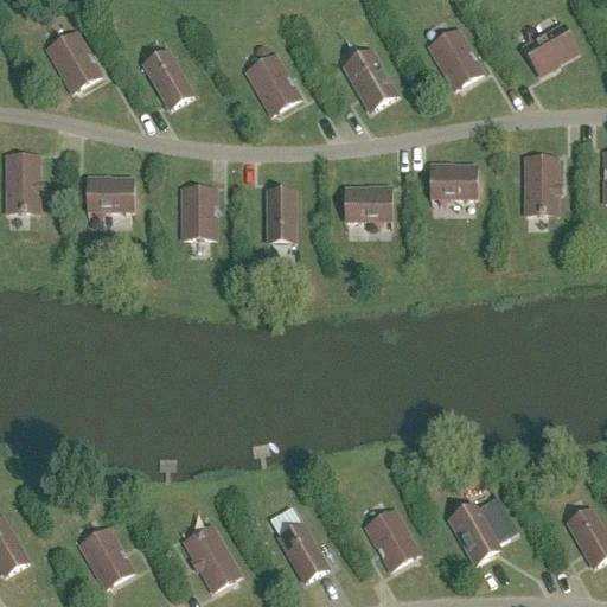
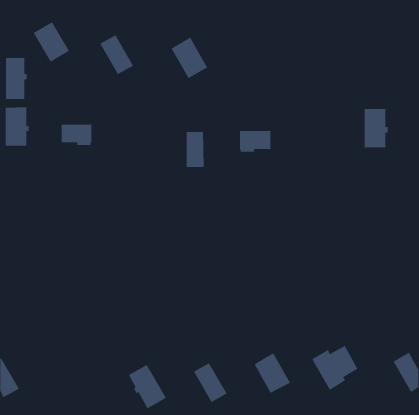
building: [524,25,579,74] -> none
building: [429,28,483,88] -> none
building: [344,50,397,108] -> none
building: none -> [5,57,27,100]
building: [430,166,477,197] -> none
building: [183,187,216,237] -> none
building: [81,528,134,587] -> none

